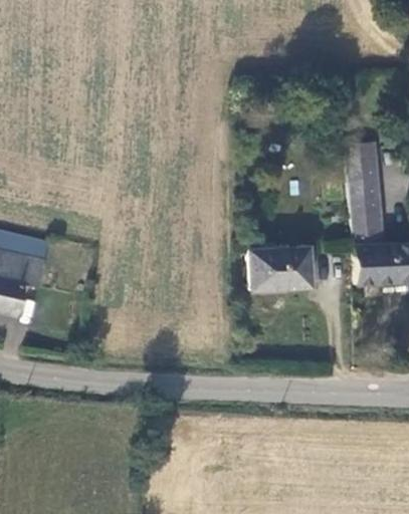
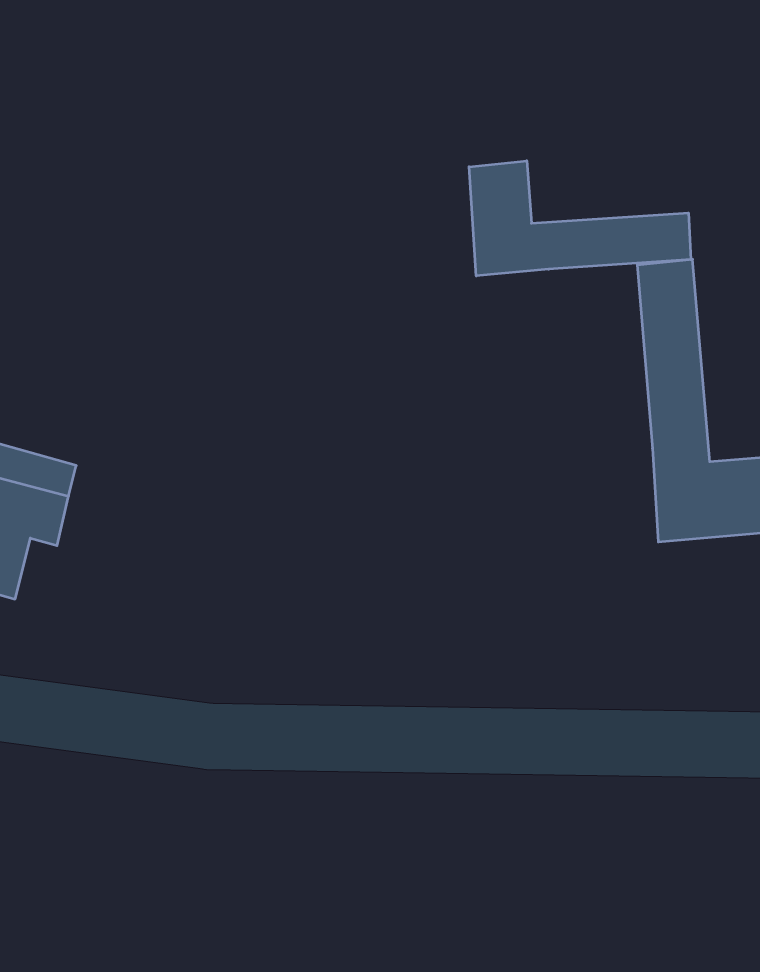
building: none -> [469,161,691,276]
building: [246,248,305,288] -> none

